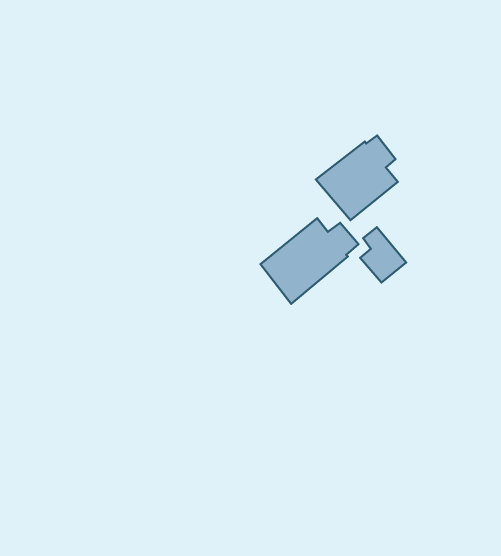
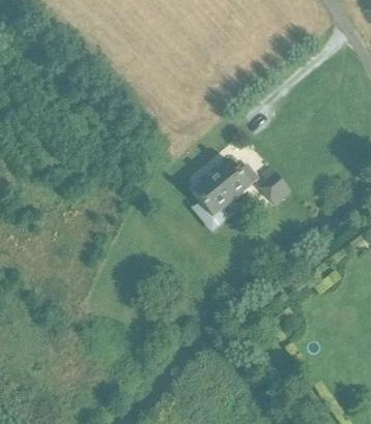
building: [316,135,398,220] -> none

